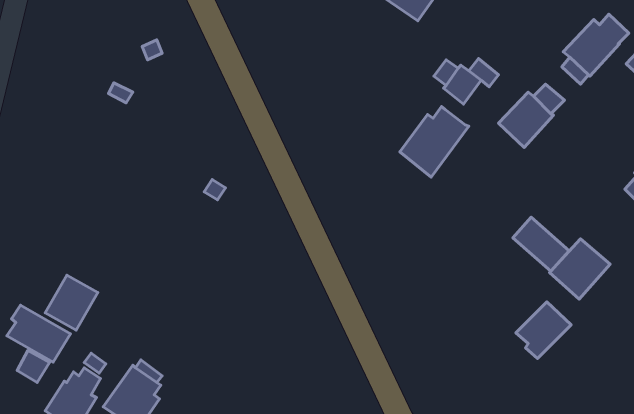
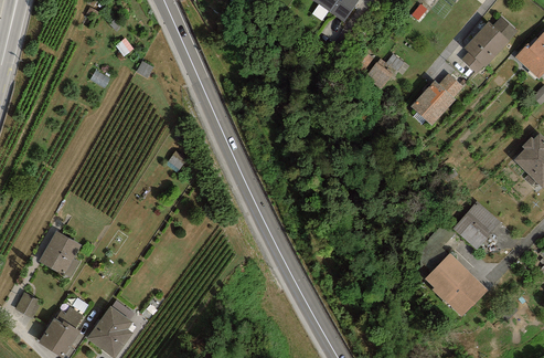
building: [400,106,469,177] -> none
building: [513,217,569,271] -> none
building: [7,305,71,362] -> none
building: none -> [441,271,488,317]

